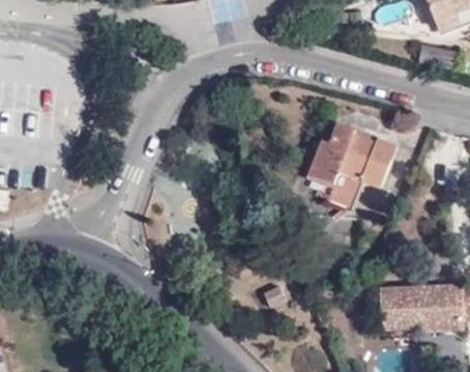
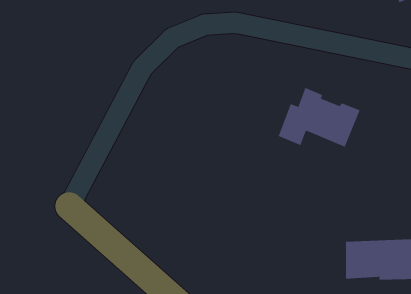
building: [325,169,363,211] -> none

